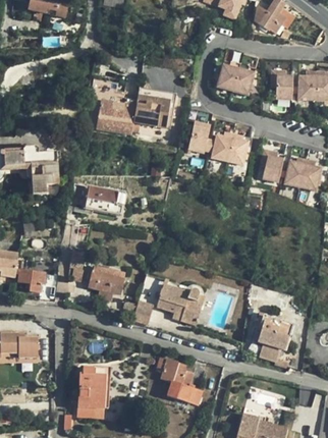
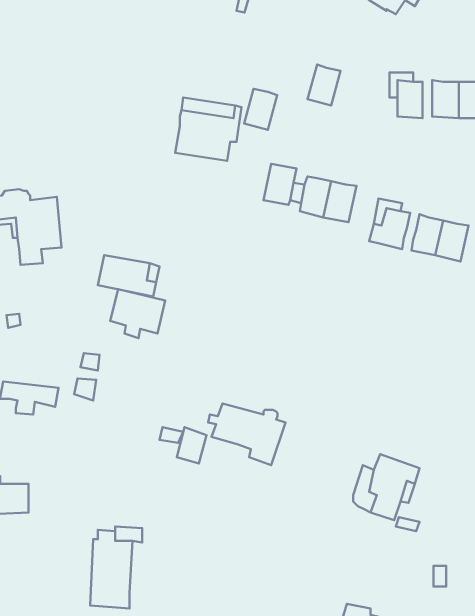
building: [233,69,255,96] -> [244,89,277,130]
building: [96,99,135,133] -> none
building: [89,265,124,296] -> [110,289,165,338]
building: [156,355,203,403] -> none

